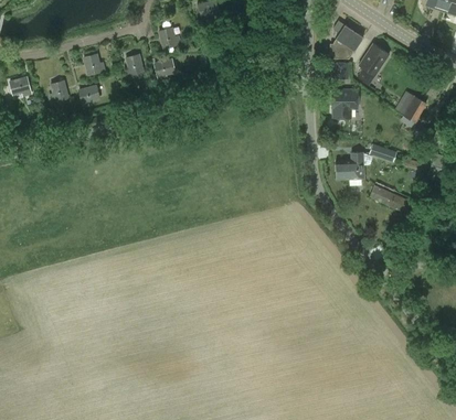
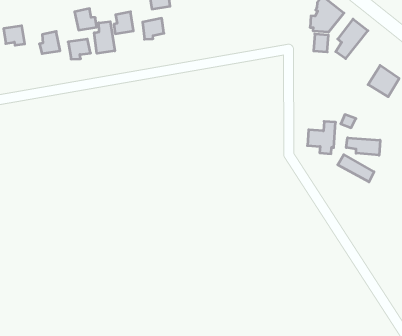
building: none -> [94,22,115,53]
building: [332,90,359,118] -> none
building: none -> [346,138,380,155]

